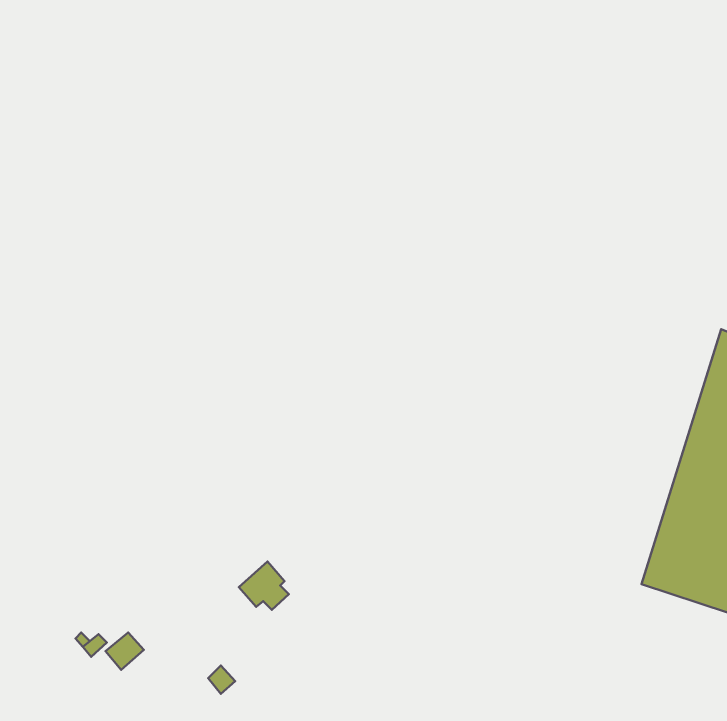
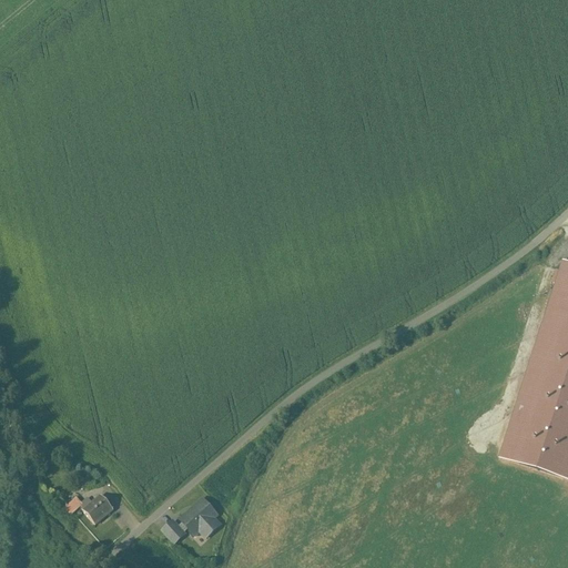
building: [239,561,289,610] -> [181,497,220,535]

